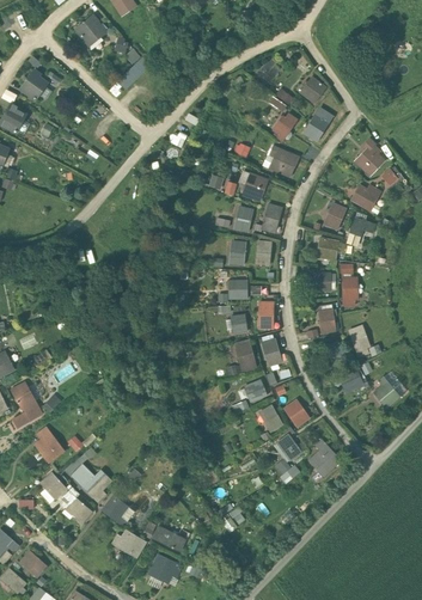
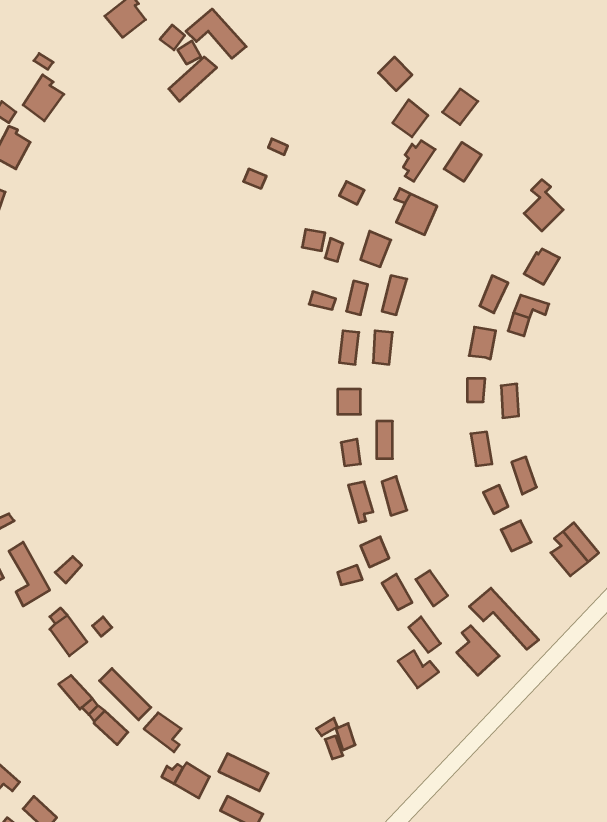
building: none -> [186,9,246,58]
building: none -> [469,588,539,649]

